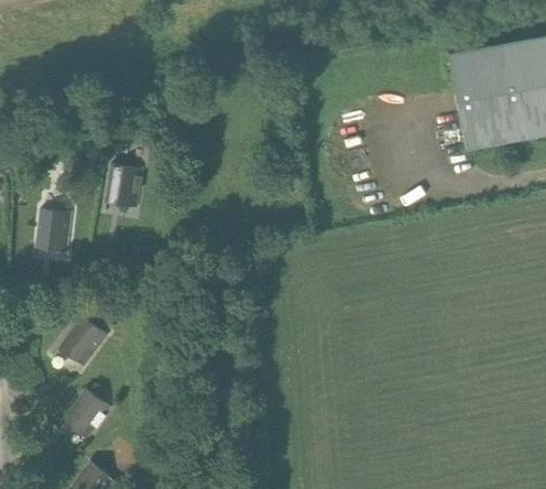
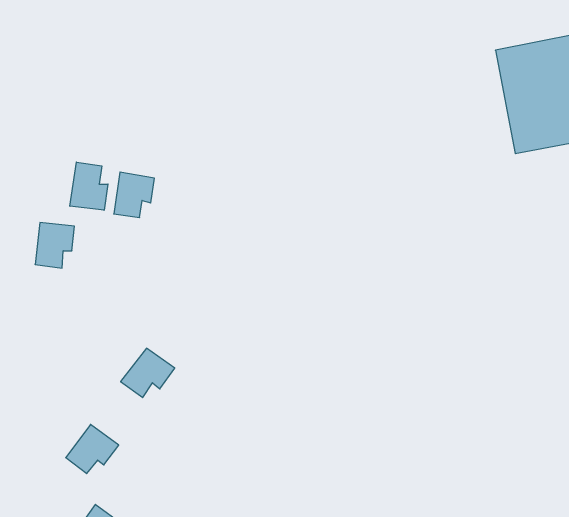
building: none -> [70,162,108,210]
building: [59,318,108,362] -> [121,348,175,398]

